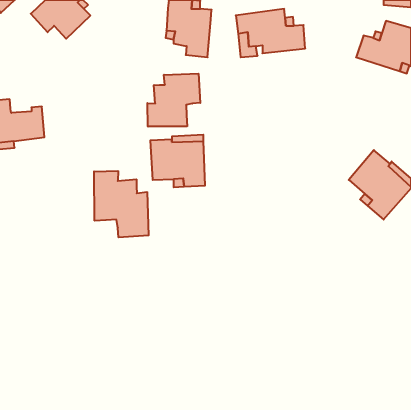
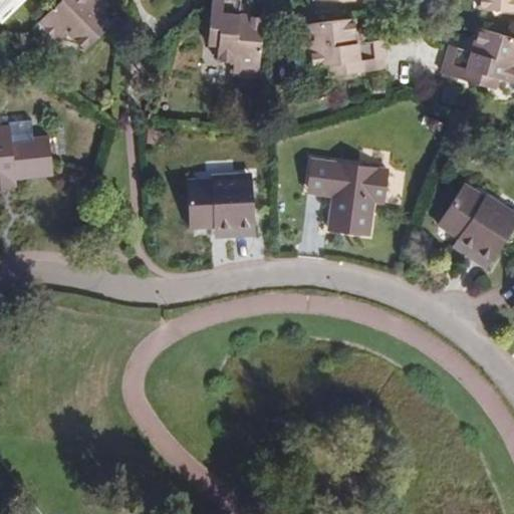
building: [147,74,200,127] -> none
building: none -> [314,156,395,234]
building: [94,171,149,237] -> none

